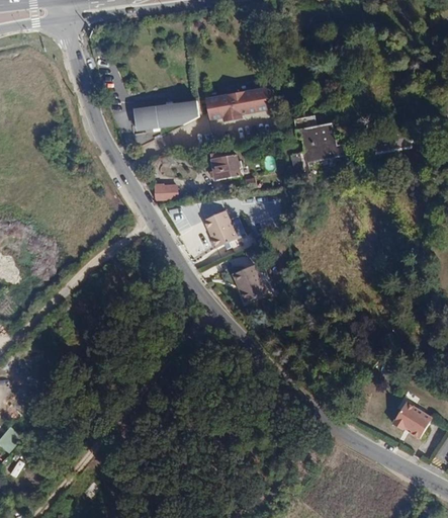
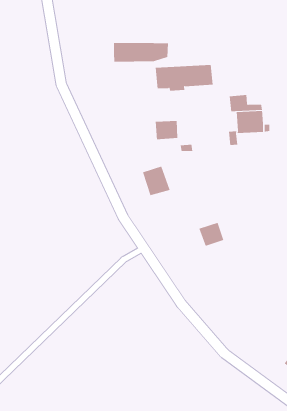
building: [133,101,199,131] -> [113,42,169,62]
building: [155,182,178,199] -> none
building: [230,264,261,294] -> [198,222,224,247]

